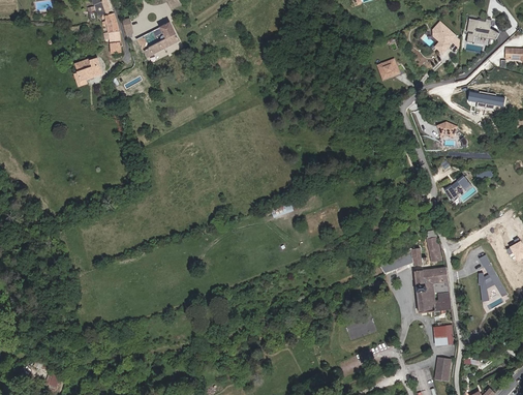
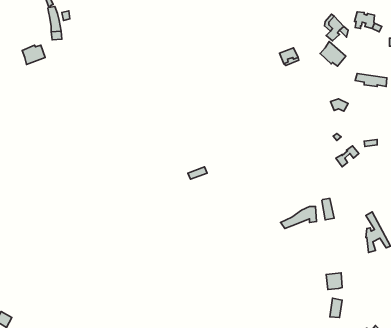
building: [136,22,180,57] -> none
building: none -> [320,42,346,66]
building: [413,268,451,312] -> none

